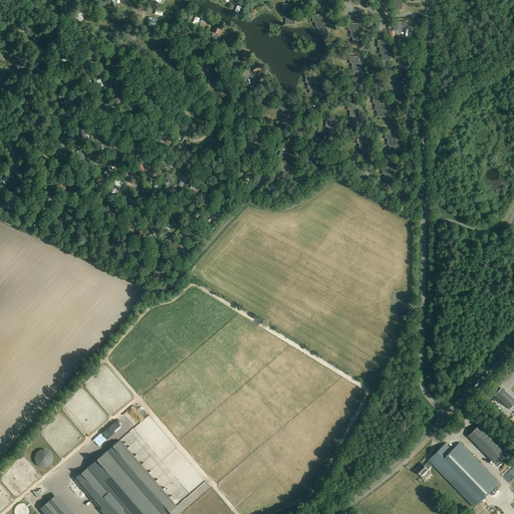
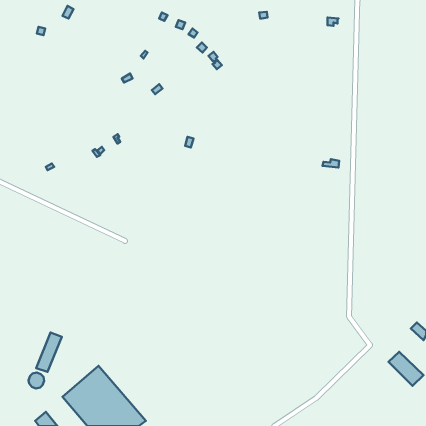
building: none -> [36,332,62,372]
building: [416,443,498,507] -> none

